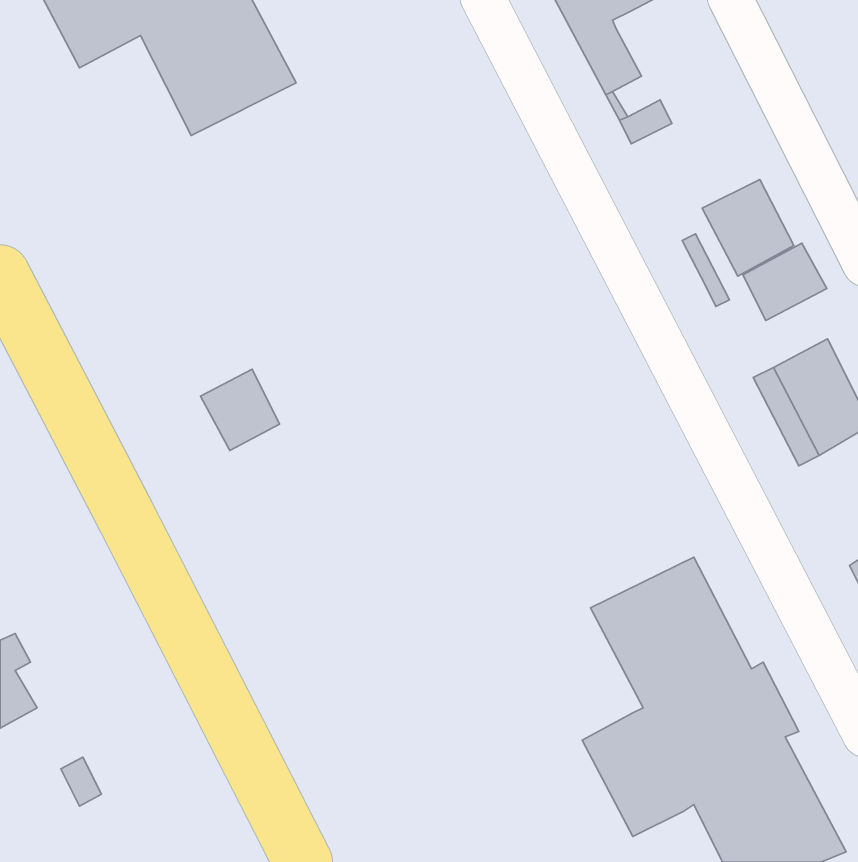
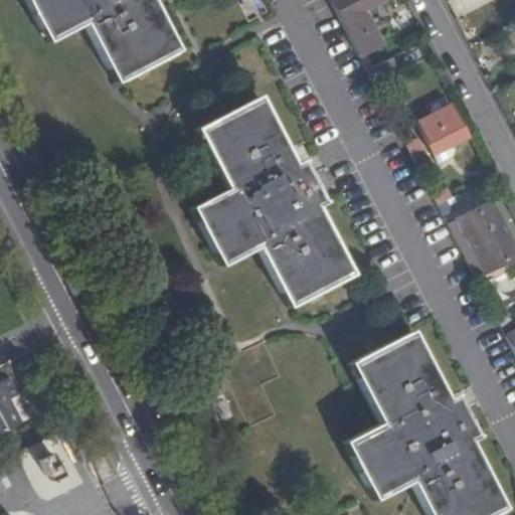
building: none -> [196,96,352,304]
building: [743,243,827,321] -> none
building: [200,369,280,451] -> none

